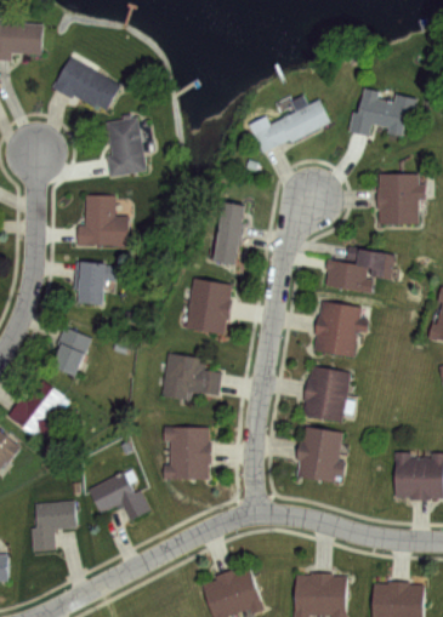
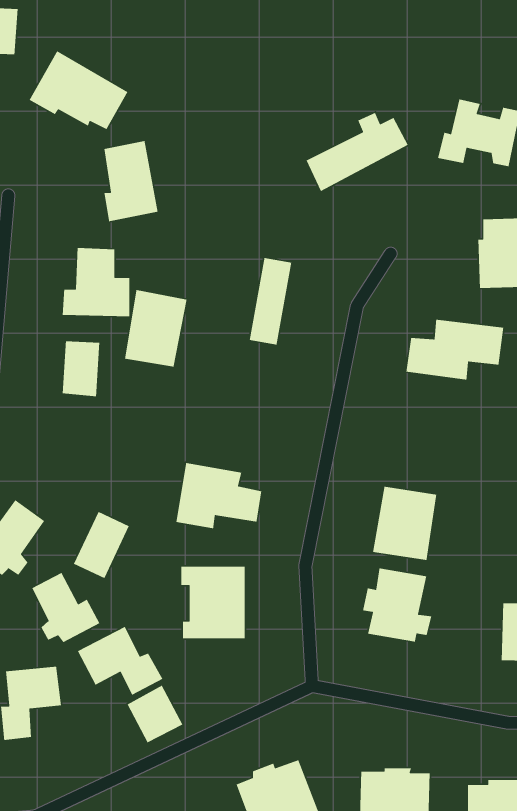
building: [184,278,231,335] -> [124,289,188,367]
building: [313,301,368,366] -> none
building: [51,327,92,377] -> [73,511,130,579]
building: none -> [31,572,100,643]
building: none -> [126,684,183,743]

